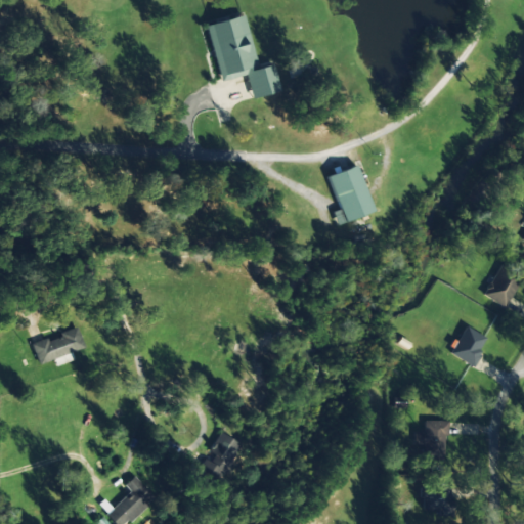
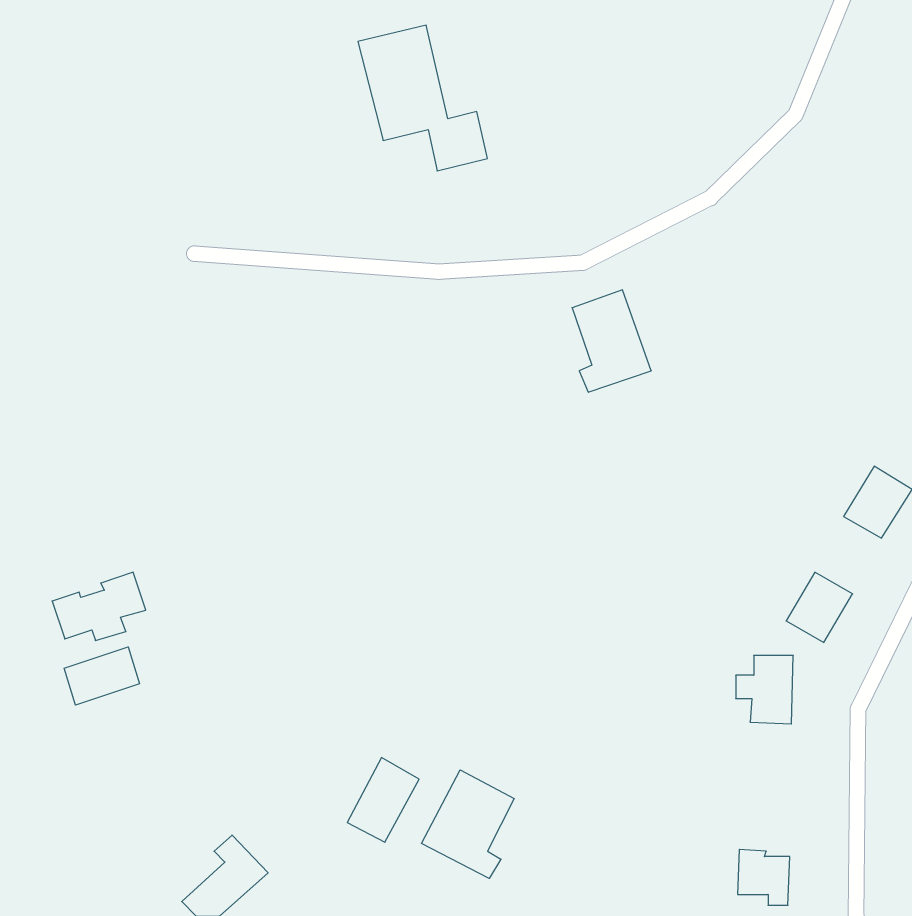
building: none -> [64,647,140,705]
building: [416,420,448,458] -> [736,655,793,724]
building: none -> [421,770,514,878]

